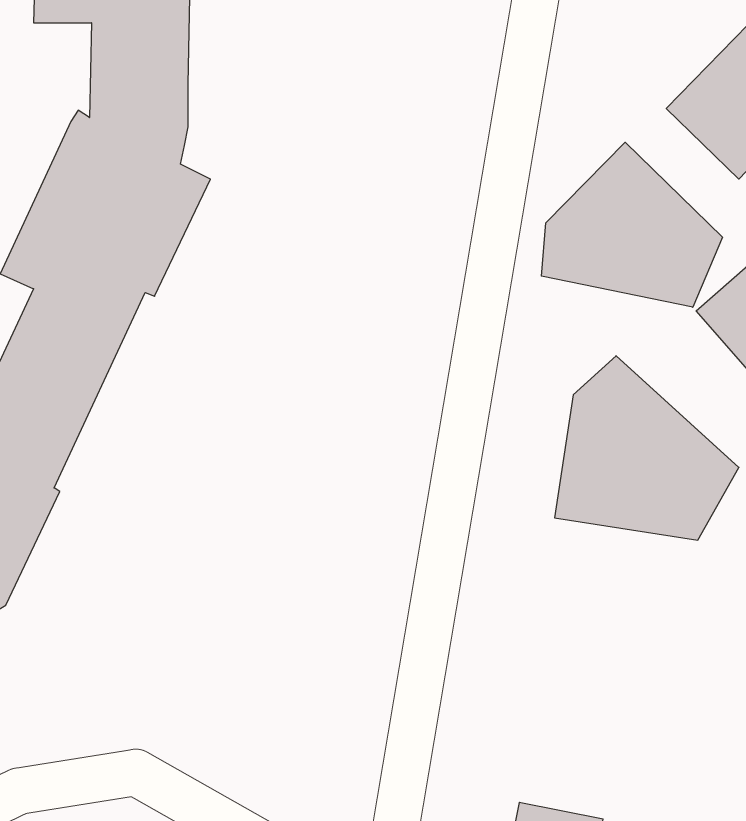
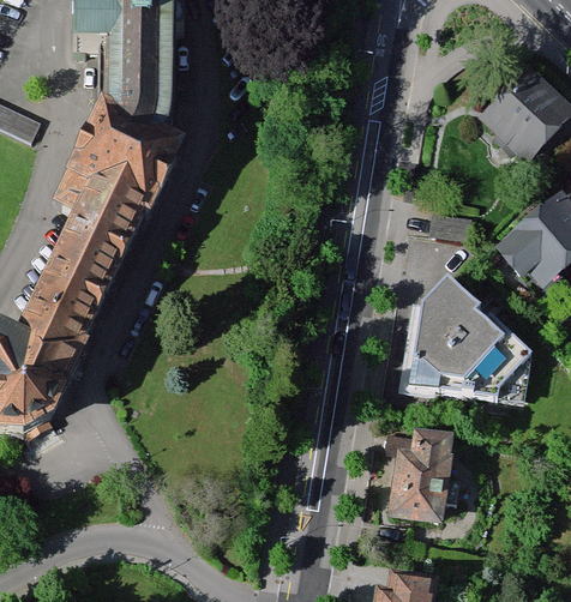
building: [541,142,723,307] -> none
building: none -> [383,439,451,523]

